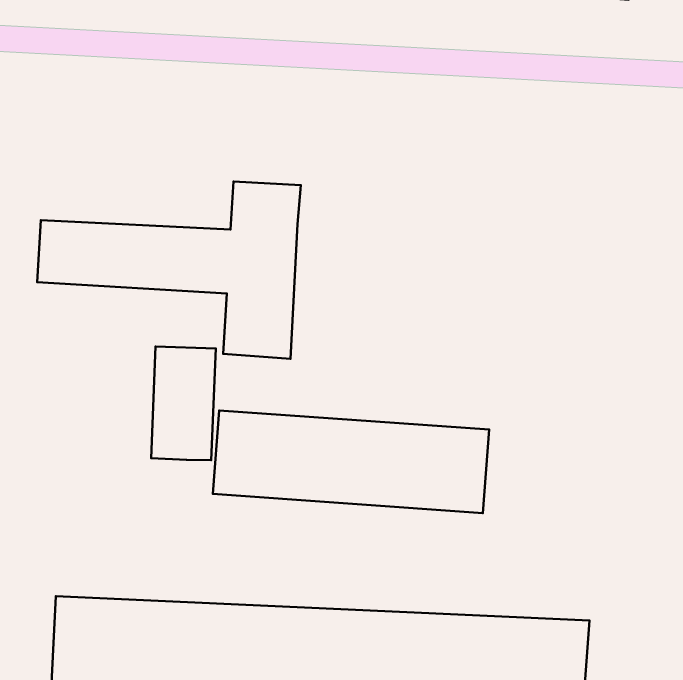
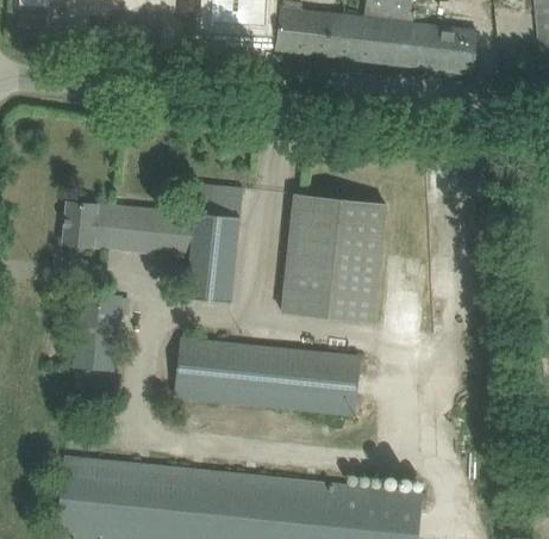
building: none -> [283,194,386,323]
building: [151,346,216,460] -> [73,292,120,371]

